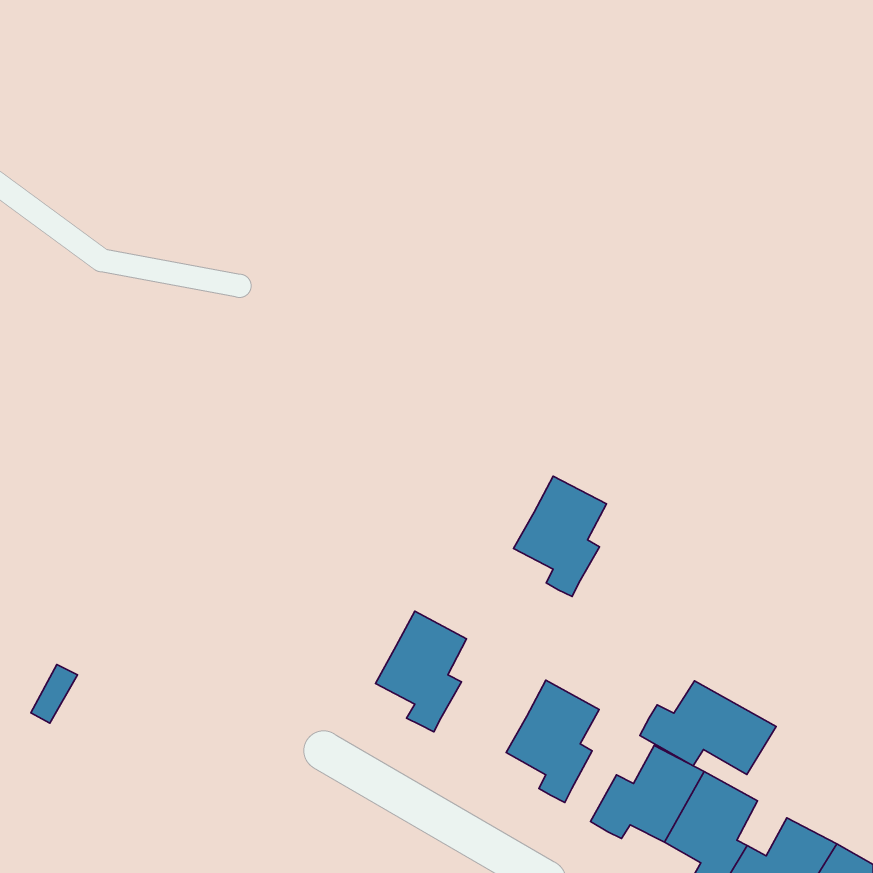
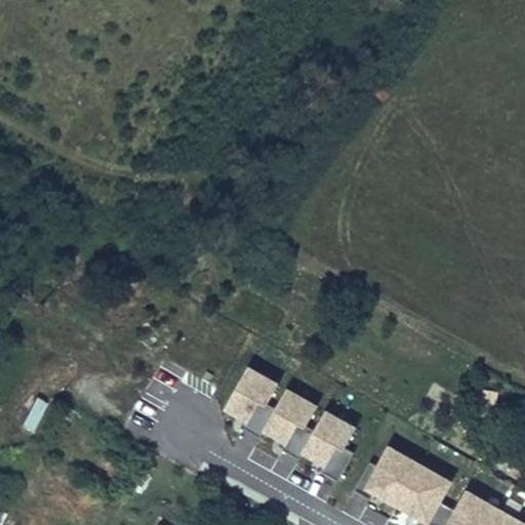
building: [514,476,607,597] -> [262,389,318,460]
building: [640,681,776,774] -> none

